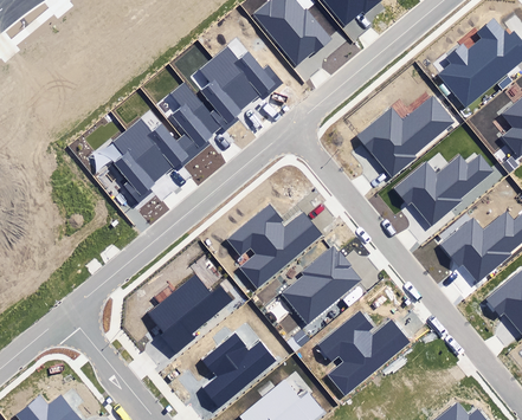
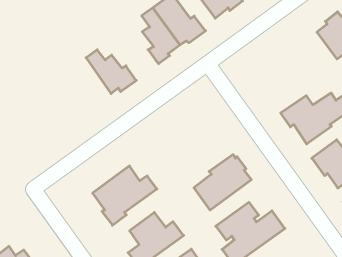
building: [168,82,220,155] -> none
building: [355,95,453,177] -> none
building: [111,129,162,201] -> none
building: [227,203,322,289] -> none

